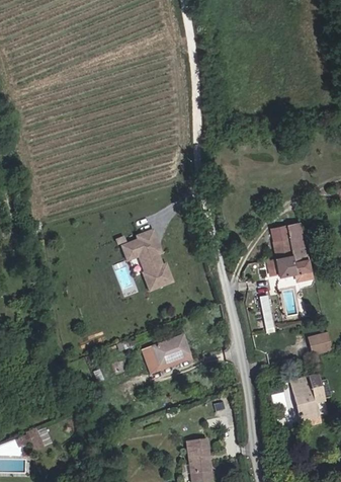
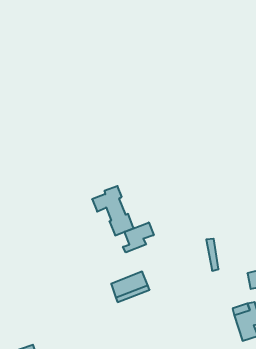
building: [269,222,308,272] -> none
building: none -> [123,222,154,252]

